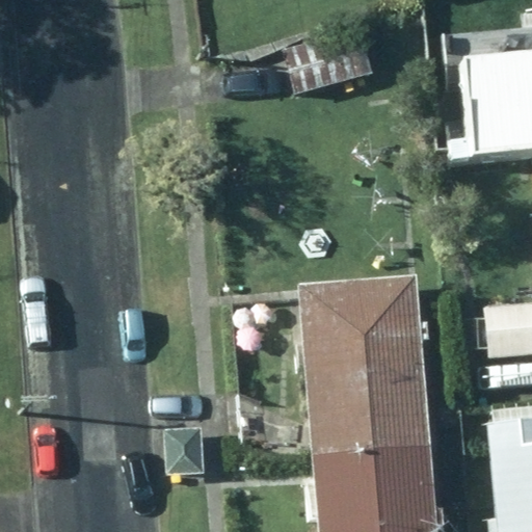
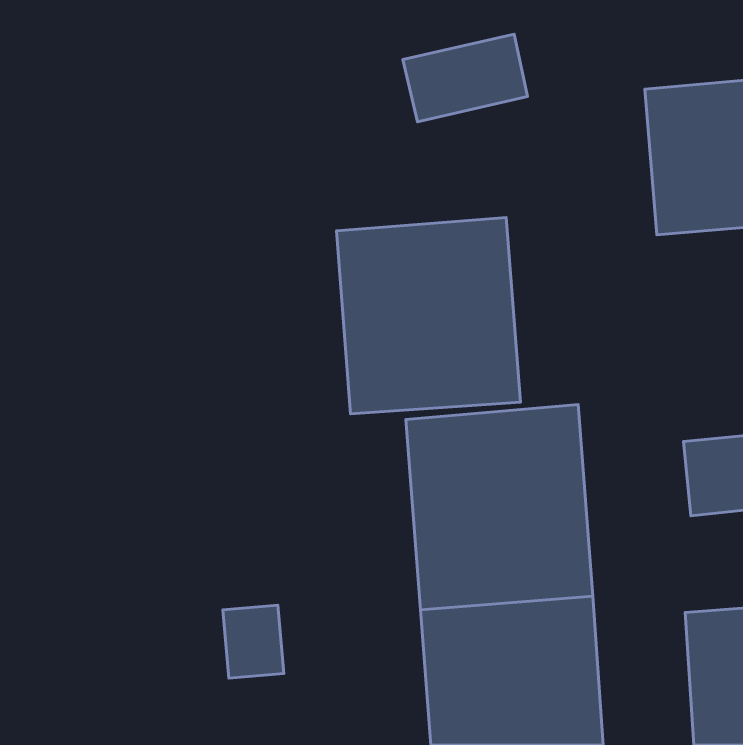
building: none -> [337,218,520,414]

